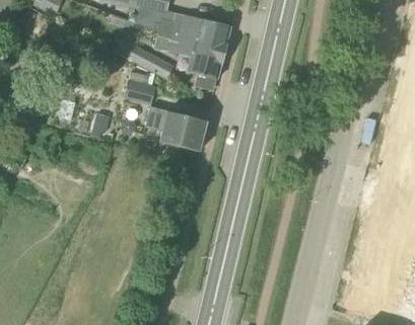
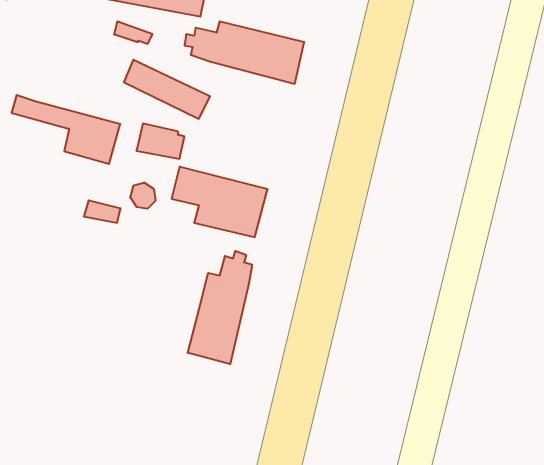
building: [156,36,225,80] -> [12,95,120,164]
building: none -> [188,251,252,364]

